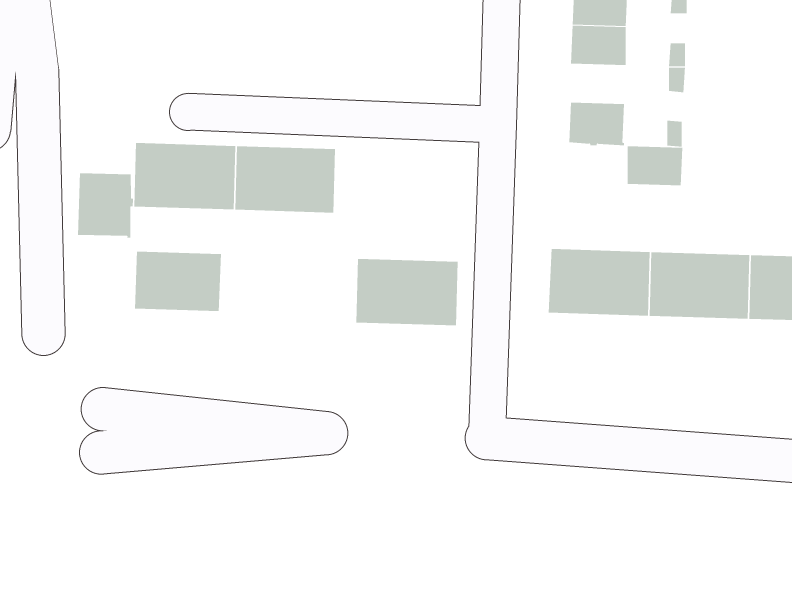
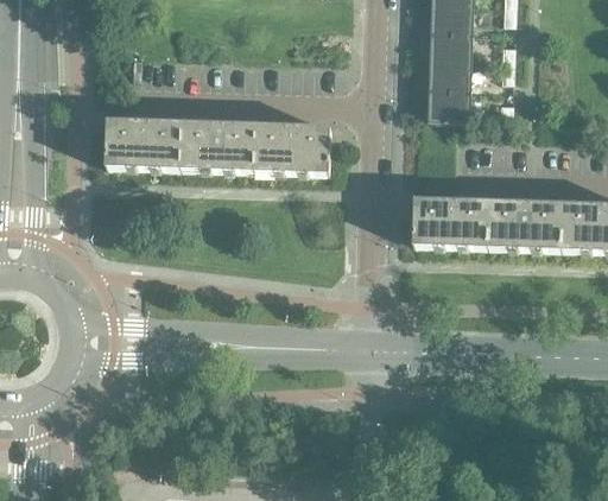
building: [627,146,683,186] -> [429,59,470,89]
building: [77,173,134,239] -> none
building: [134,251,221,312] -> none
building: [356,258,458,326] -> [254,122,330,172]

